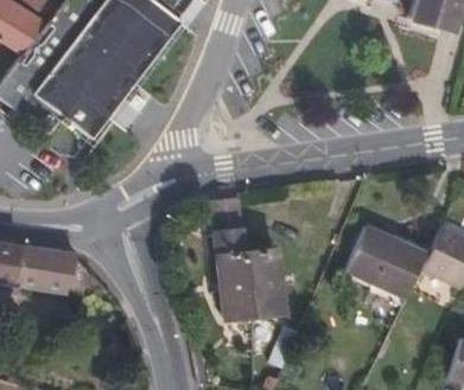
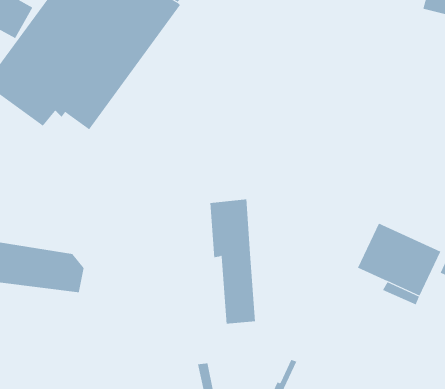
building: [244,251,280,318] -> none

